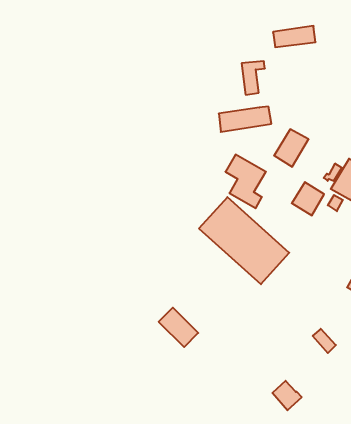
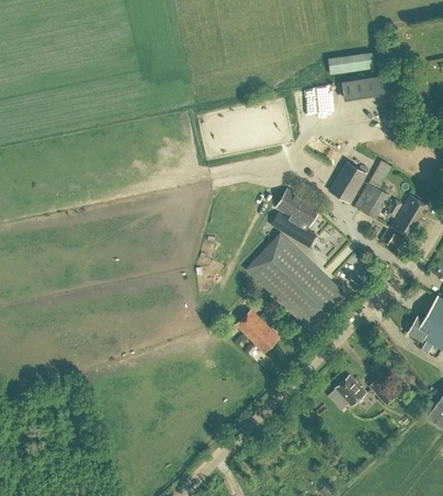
building: [219,107,271,132] -> [341,73,398,101]
building: [292,182,324,215] -> [354,184,389,220]
building: [159,308,198,347] -> [237,311,280,354]
building: [272,381,302,410] -> [336,376,367,407]

